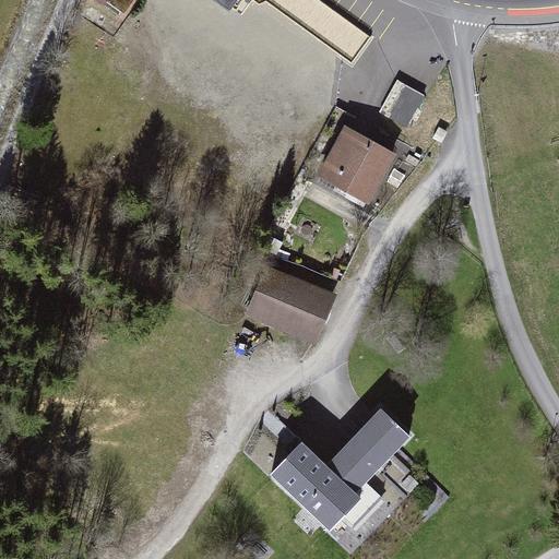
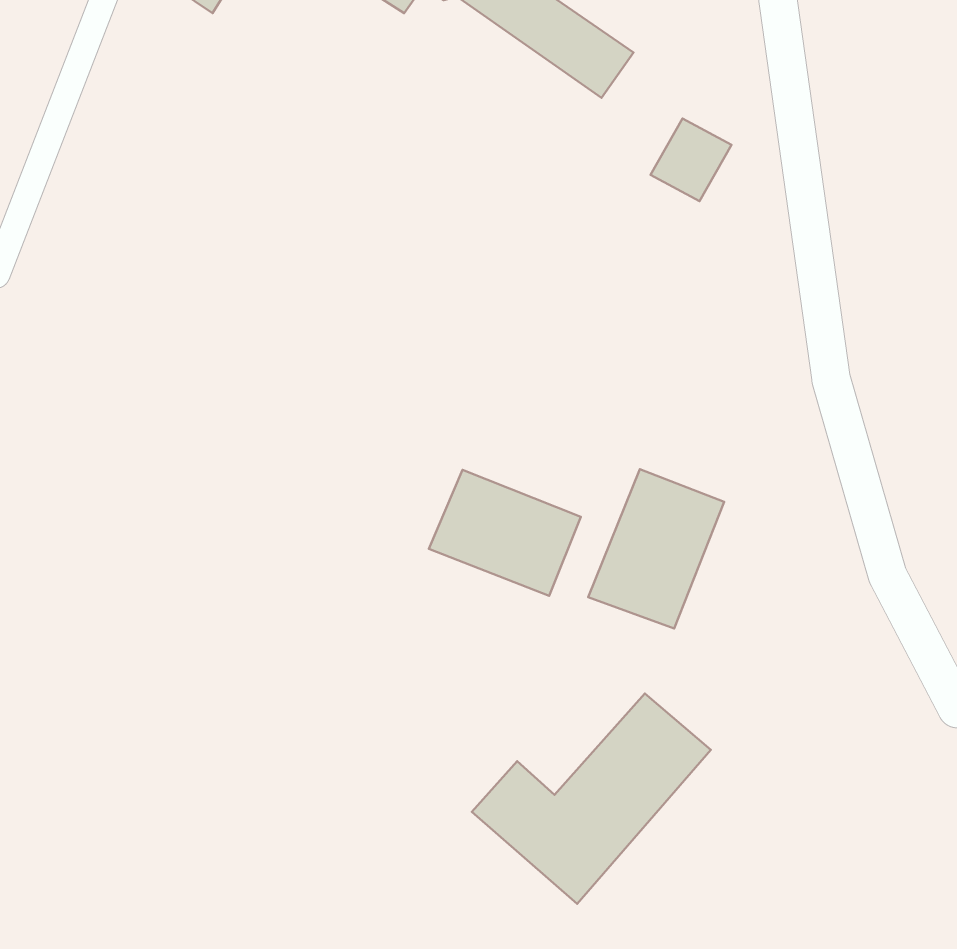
building: [316,126,396,205] -> none
building: none -> [588,469,724,628]

